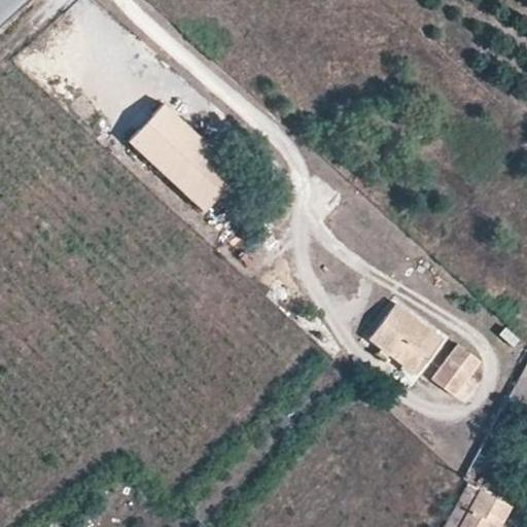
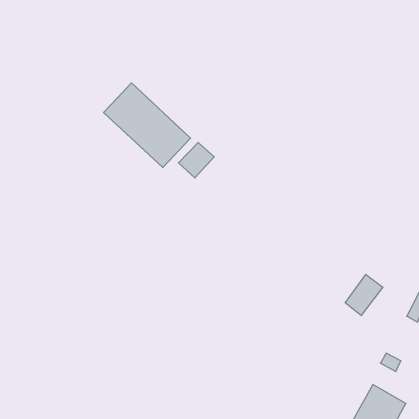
building: none -> [178,142,214,178]
building: [370,304,443,376] -> none

